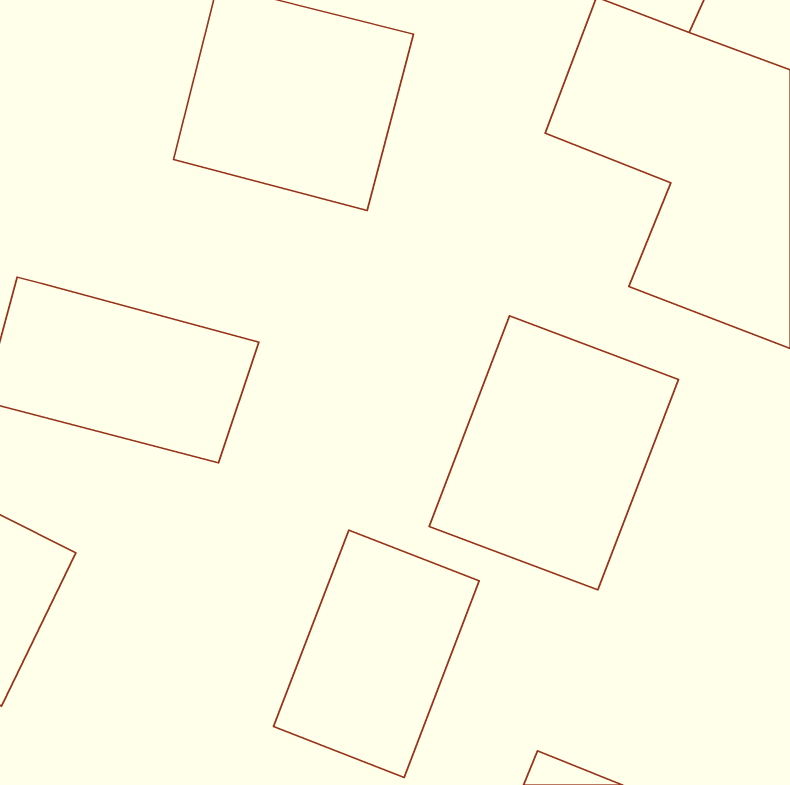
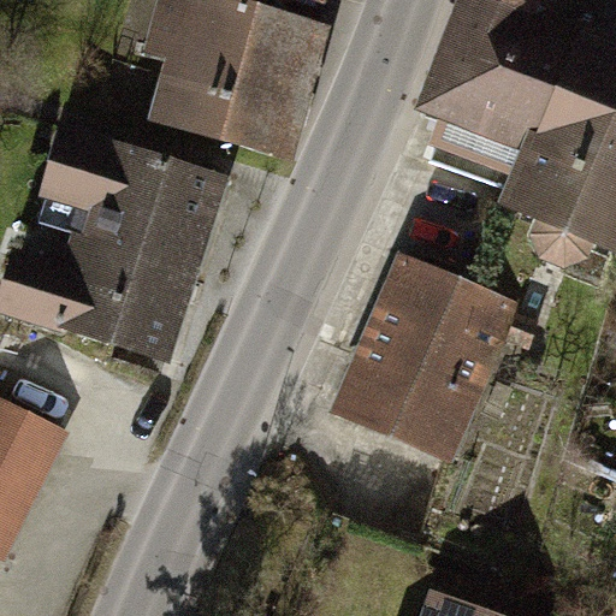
building: none -> [32,128,231,266]
building: [274,530,479,777] -> none

